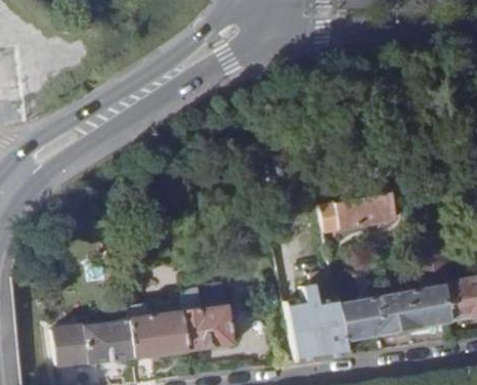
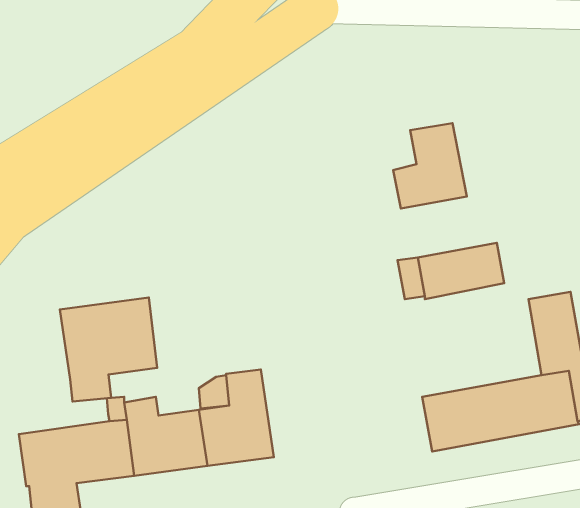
building: none -> [393,123,467,209]
building: none -> [60,297,157,401]
building: [287,270,350,363] -> none

